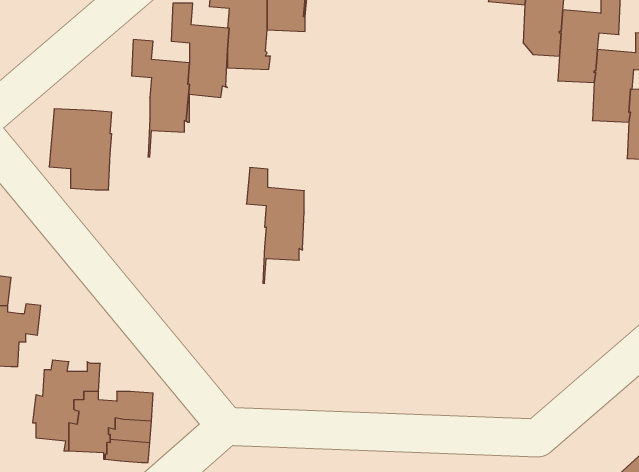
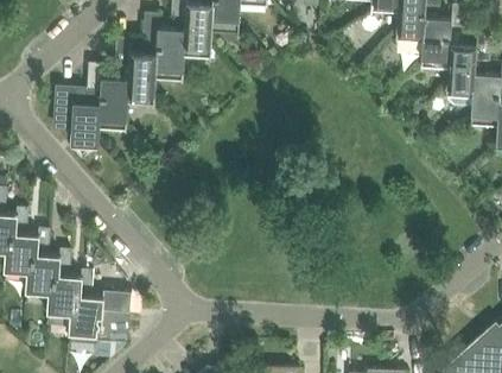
building: [246,168,304,283] -> [85,63,127,146]
building: none -> [26,249,70,295]

